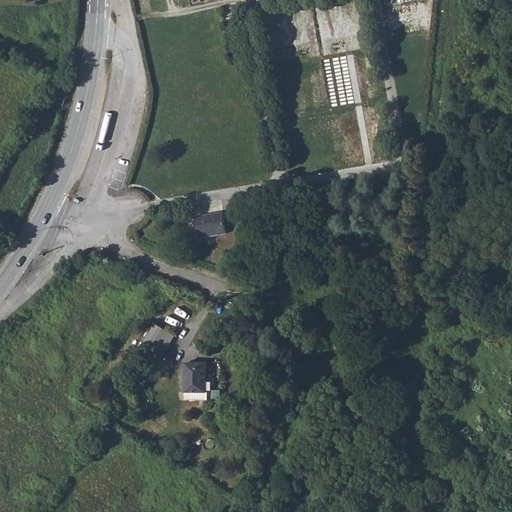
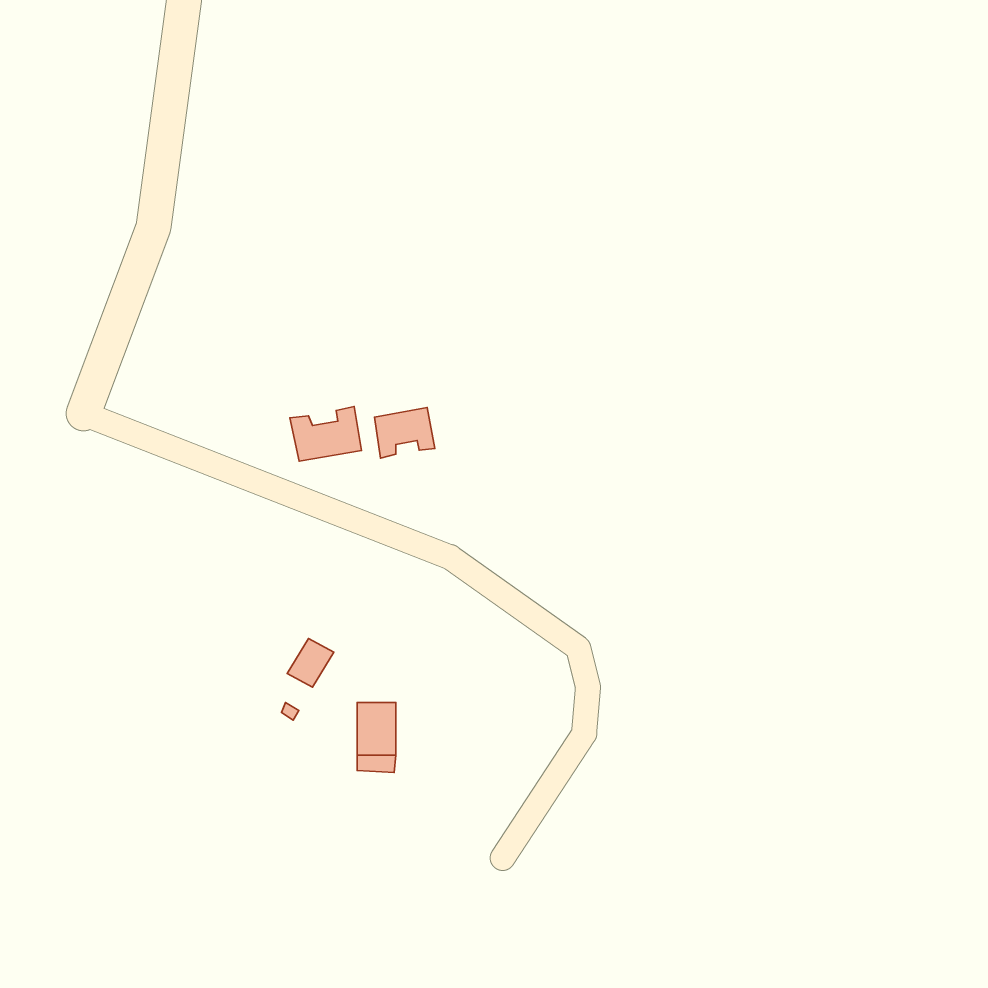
building: none -> [290,406,361,461]

